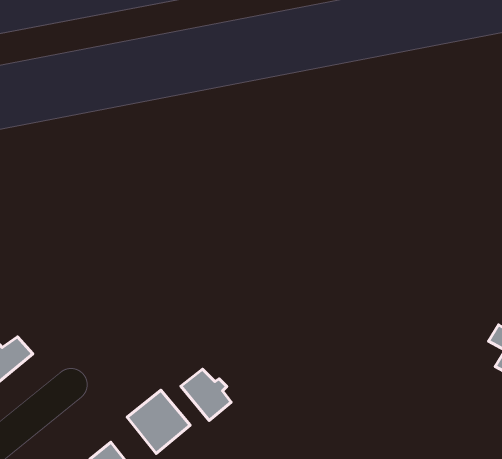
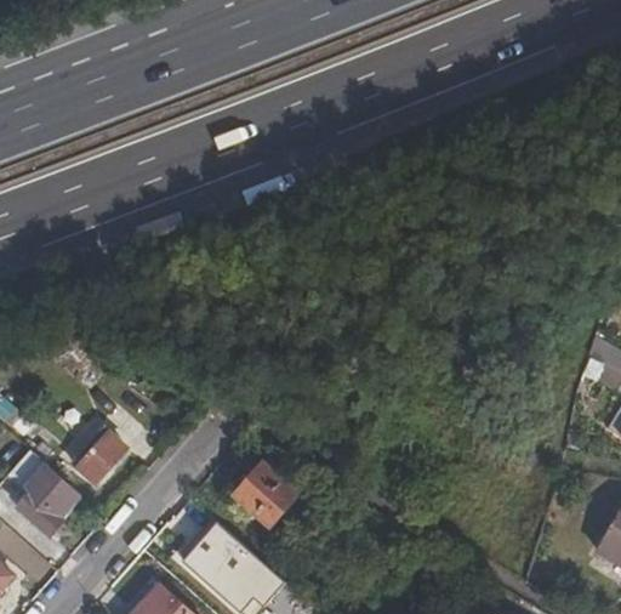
building: [181,369,231,420] -> none

